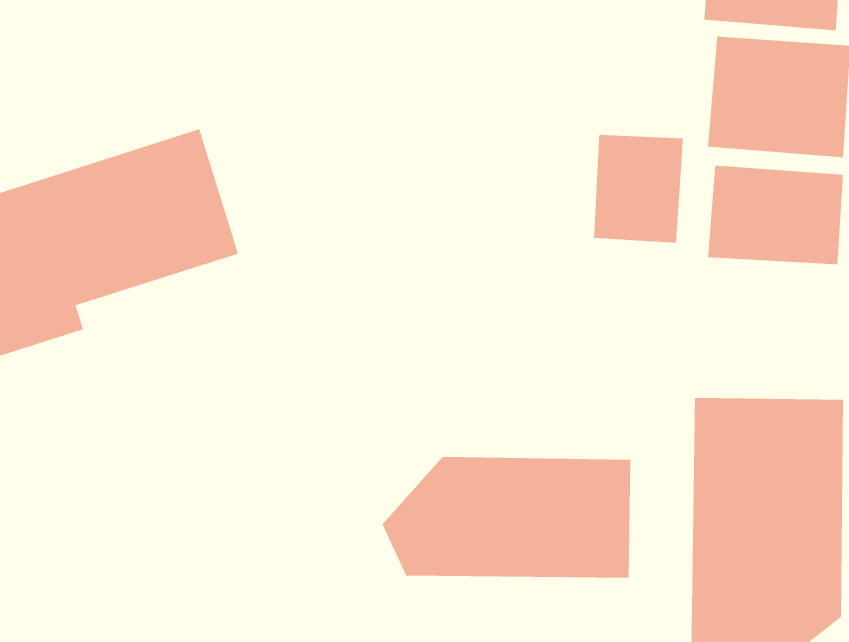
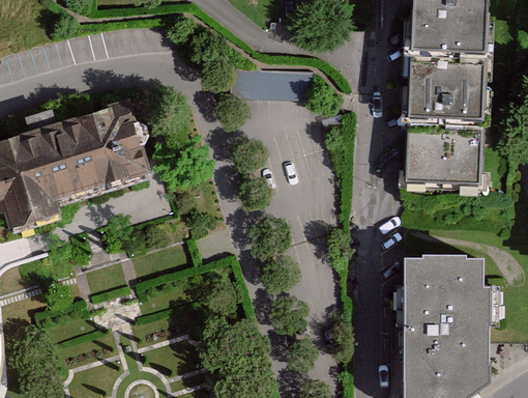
building: [594,134,684,243] -> none
building: [382,456,631,578] -> none

